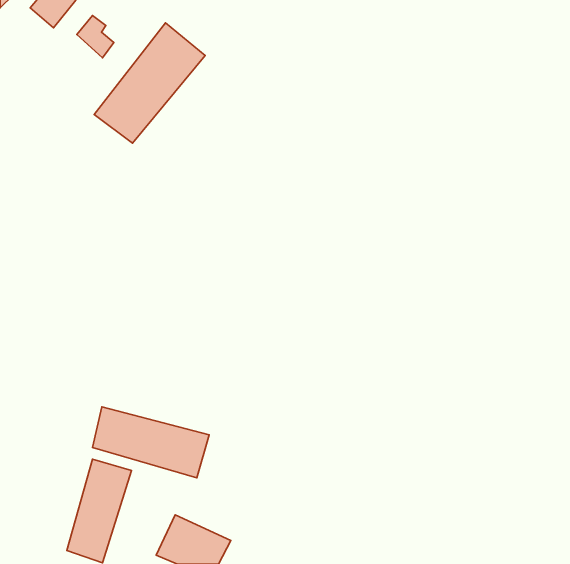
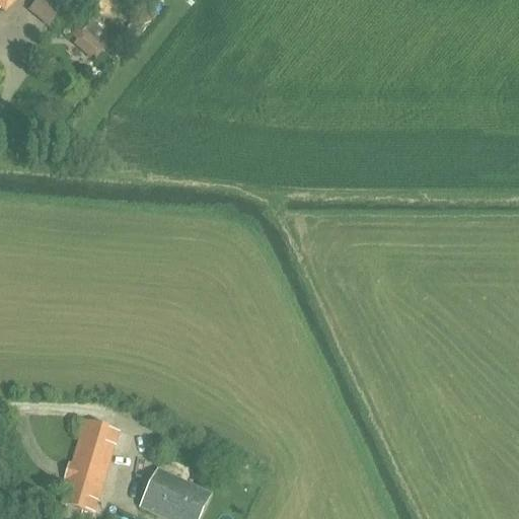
building: [94,23,205,143] -> none
building: [93,407,209,478] -> none

